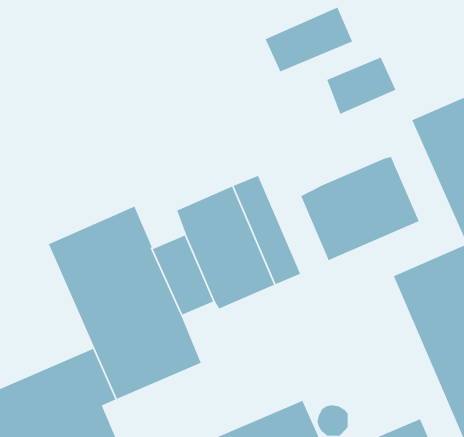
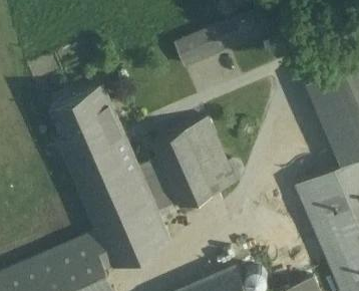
building: [326,57,396,115] -> [174,29,221,67]
building: none -> [56,85,125,164]
building: [300,156,420,261] -> none

